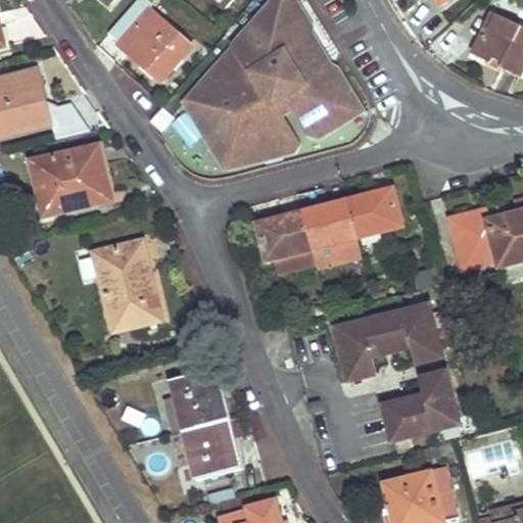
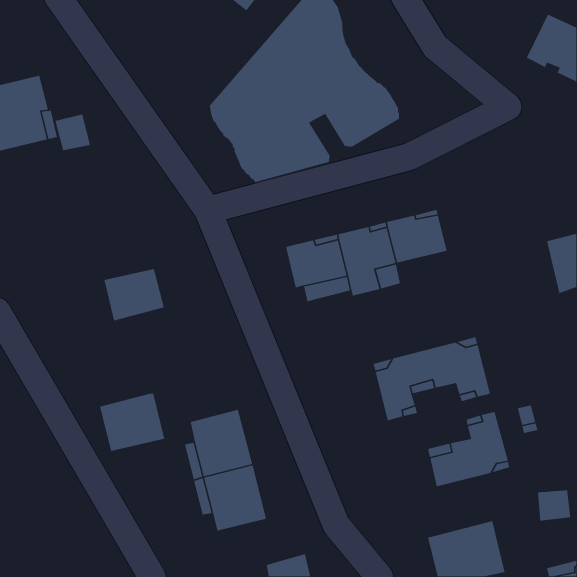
building: [117,8,192,81] -> none
building: [30,143,103,215] -> none
building: [451,207,503,268] -> none
building: [102,277,161,330] -> [99,393,165,452]

